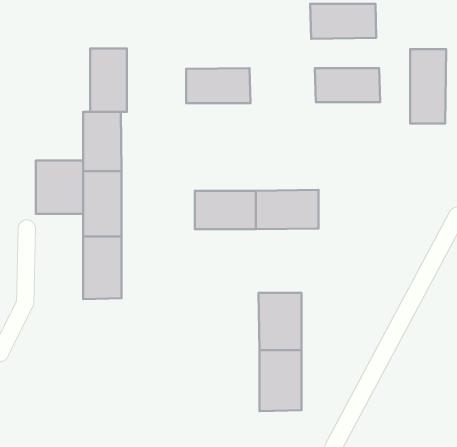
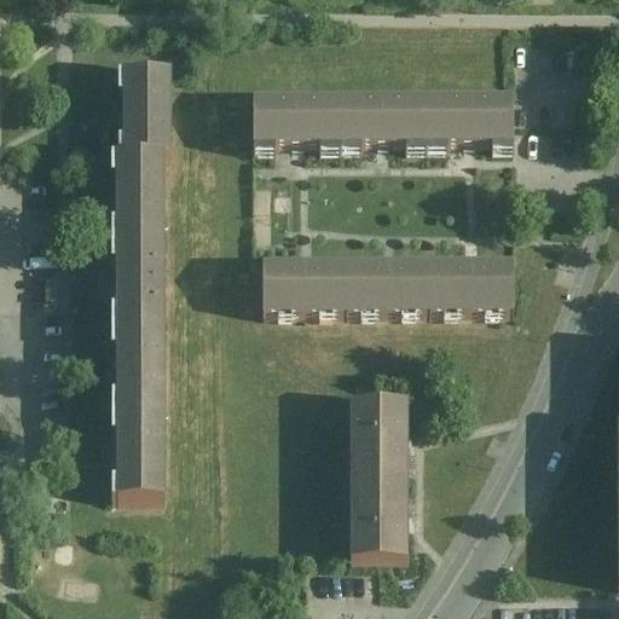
building: [310,4,376,39] -> [337,92,427,139]
building: [410,49,446,123] -> none
building: [36,160,83,214] -> none
building: none -> [430,256,514,308]
building: none -> [112,403,164,497]

